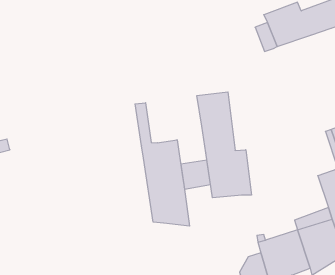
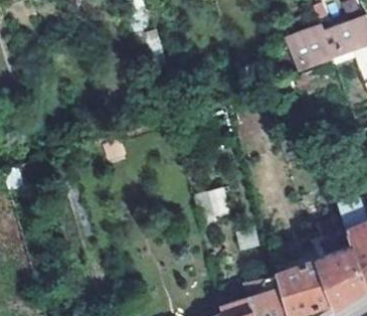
building: [197,92,251,198] -> none
building: [135,103,189,226] -> none

